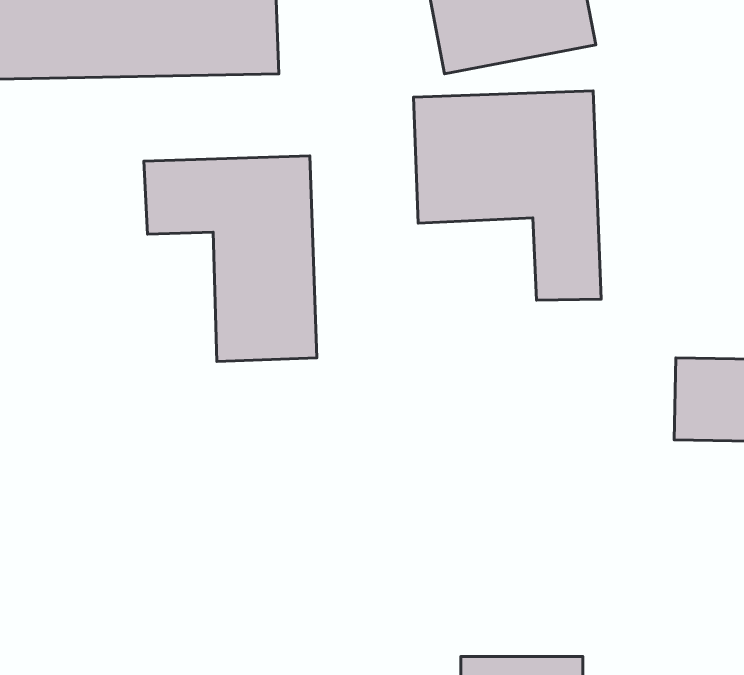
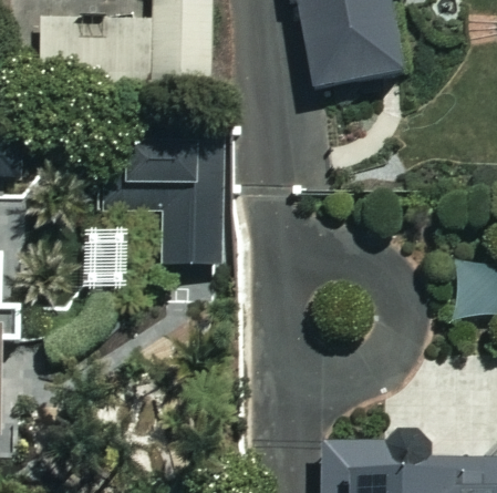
building: [414,91,601,300] -> none

